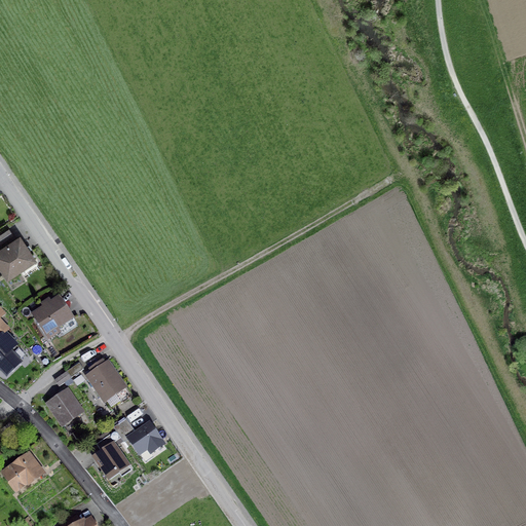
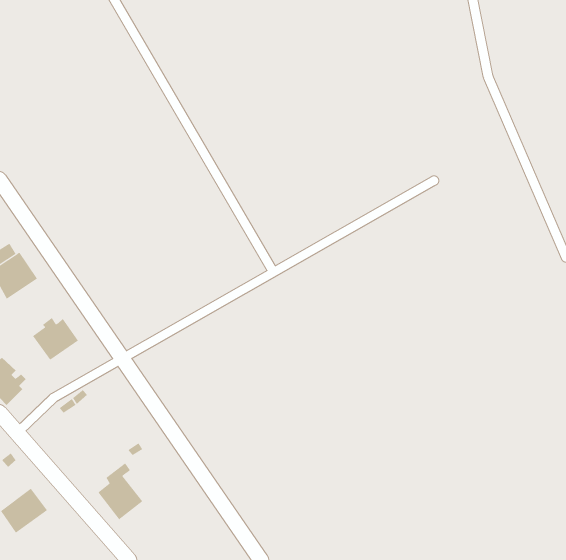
building: [82,355,128,404] -> none
building: [45,387,84,426] -> none
building: [127,421,166,461] -> none

